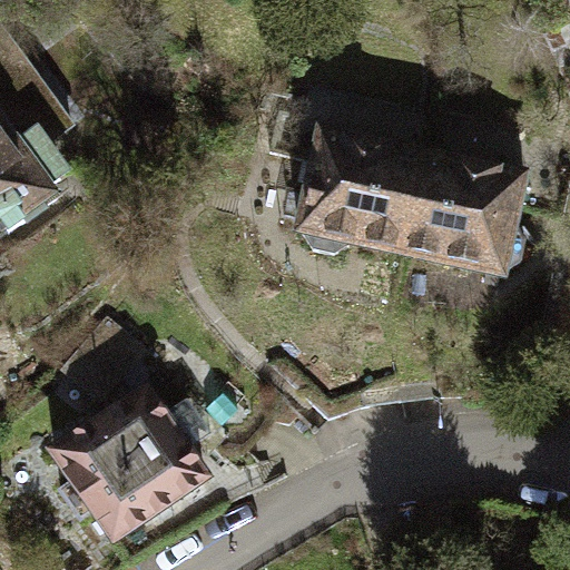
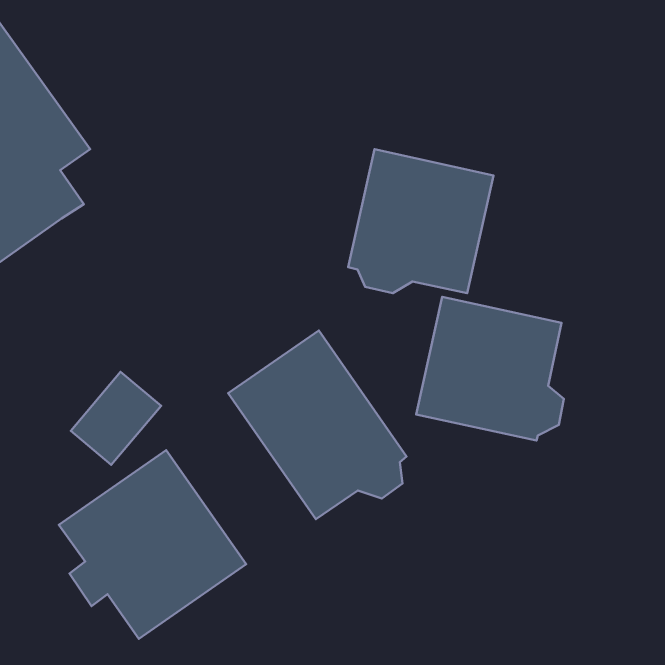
building: [397,149,523,272] -> [416,297,564,441]
building: none -> [228,330,407,519]

